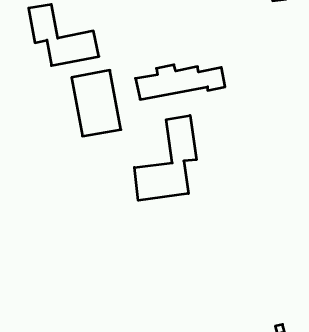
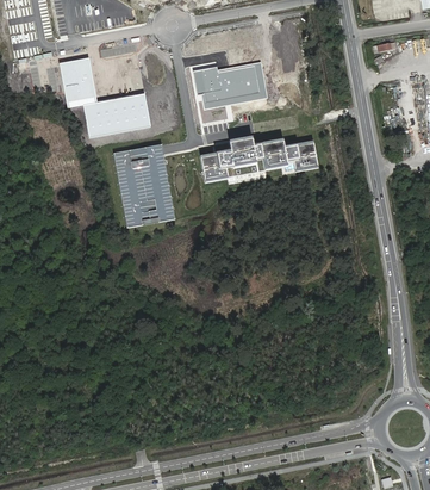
building: none -> [194,62,269,111]
building: [134,115,196,200] -> none

